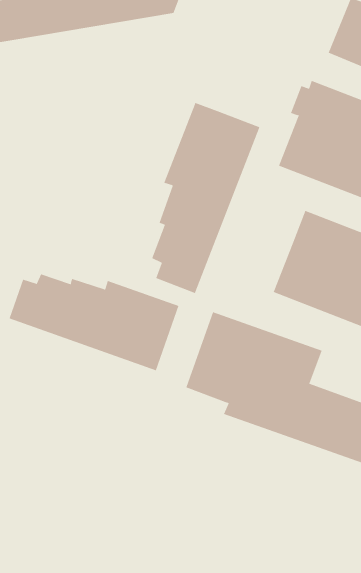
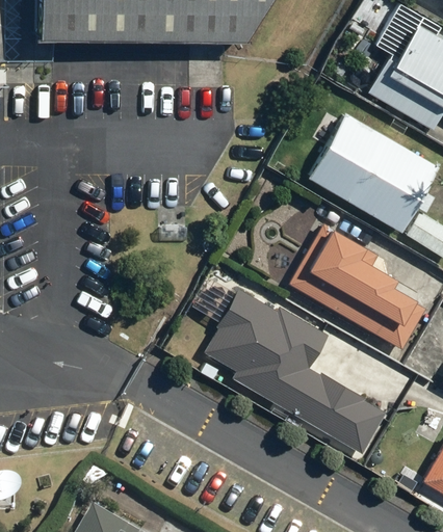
building: [151,102,260,294] -> none
building: [9,273,179,371] -> none

